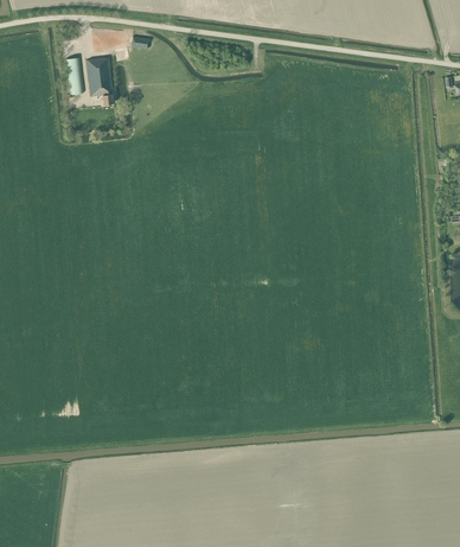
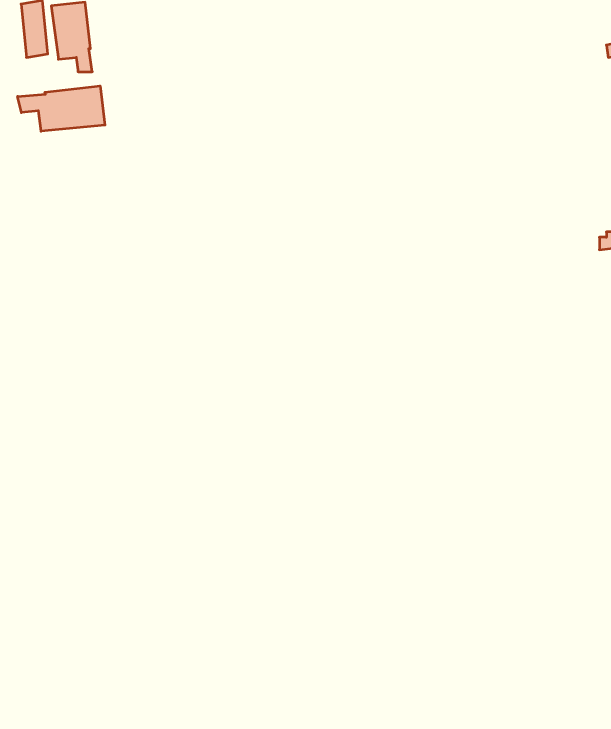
building: none -> [18,86,105,131]

